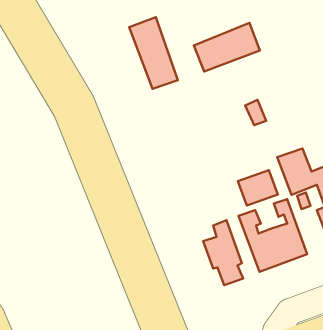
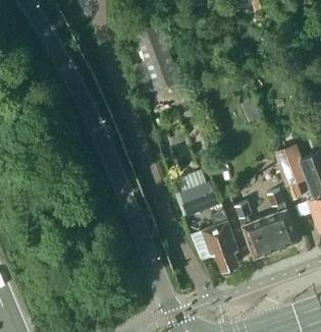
building: [194,23,260,72] -> none
building: [238,170,278,206] -> [181,181,218,214]

